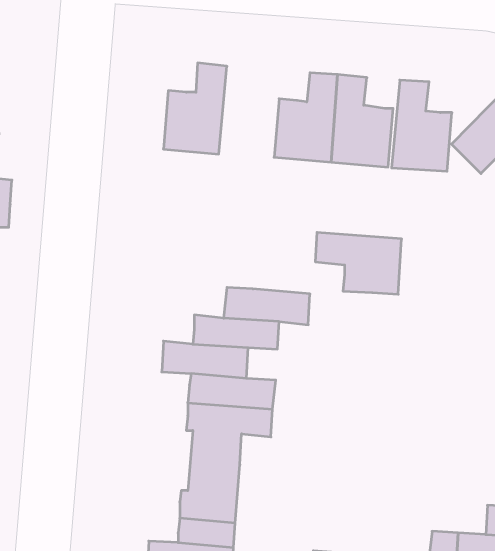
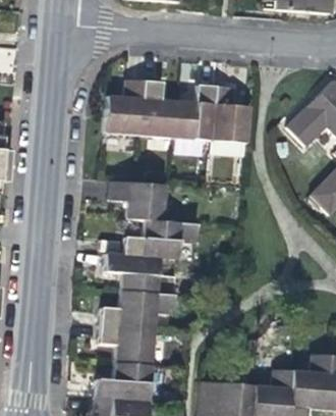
building: [392,80,452,171] -> [141,79,178,136]
building: [315,232,402,294] -> [110,179,164,218]
building: none -> [100,306,124,345]

